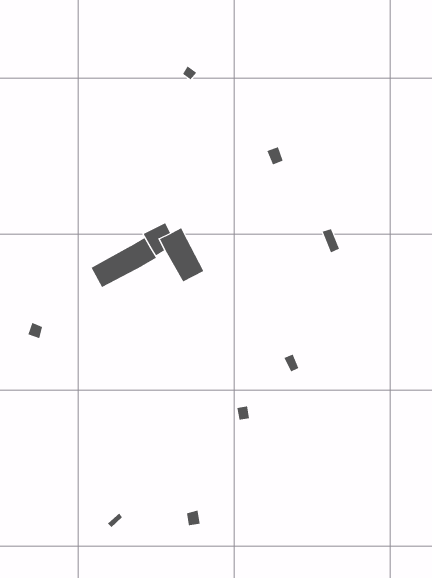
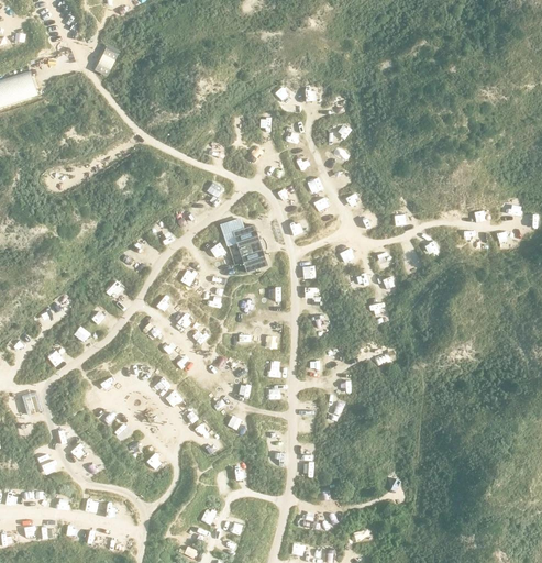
building: [91,237,157,288] -> none

